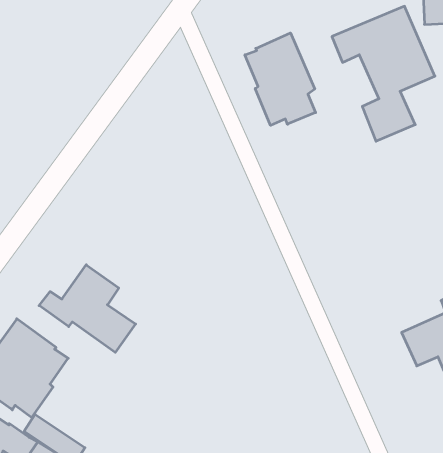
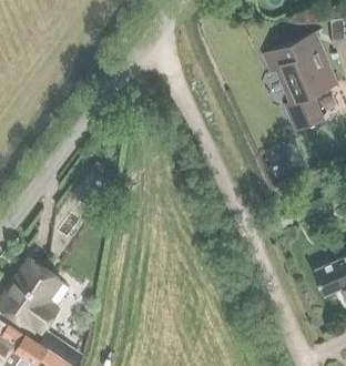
building: [245,33,316,125] -> none
building: [39,265,136,352] -> none

